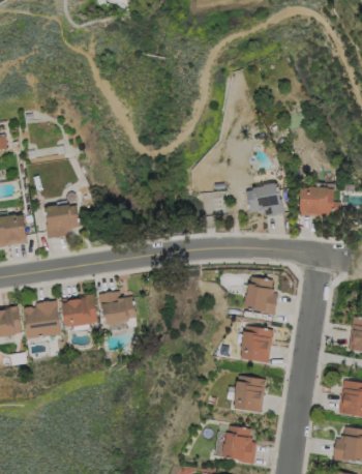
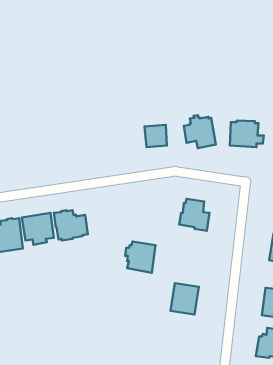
building: [44,205,80,240] -> none
building: [237,327,272,363] -> [125,242,155,273]
building: [211,426,255,466] -> none

